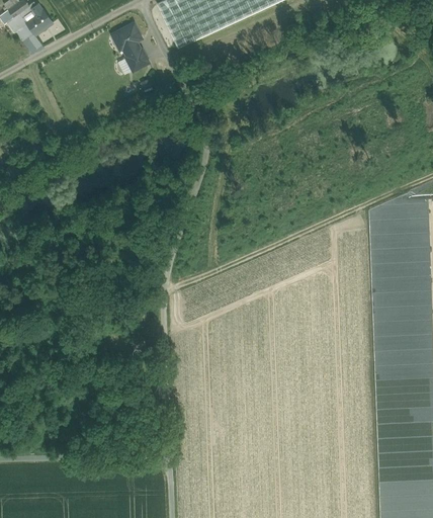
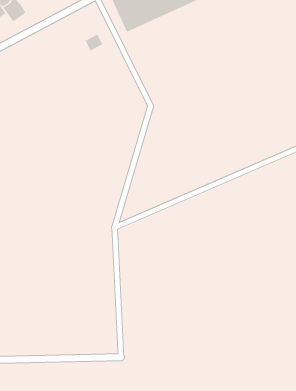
building: [111,22,141,57] -> none

